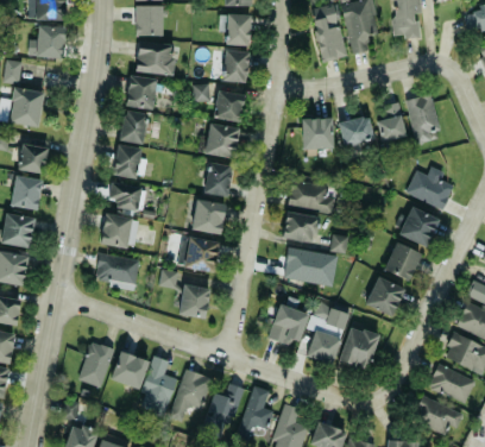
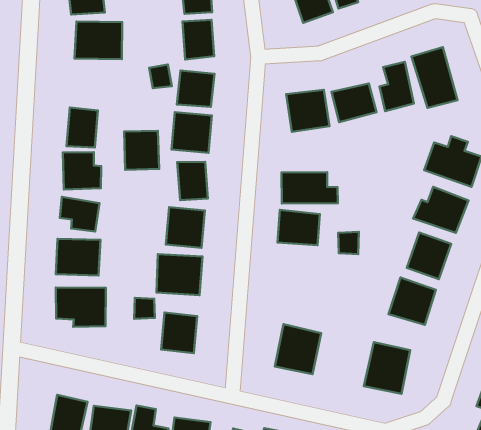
building: [126,75,156,108] -> [124,131,159,170]
building: [283,246,339,287] -> none
building: [307,302,348,364] -> none

